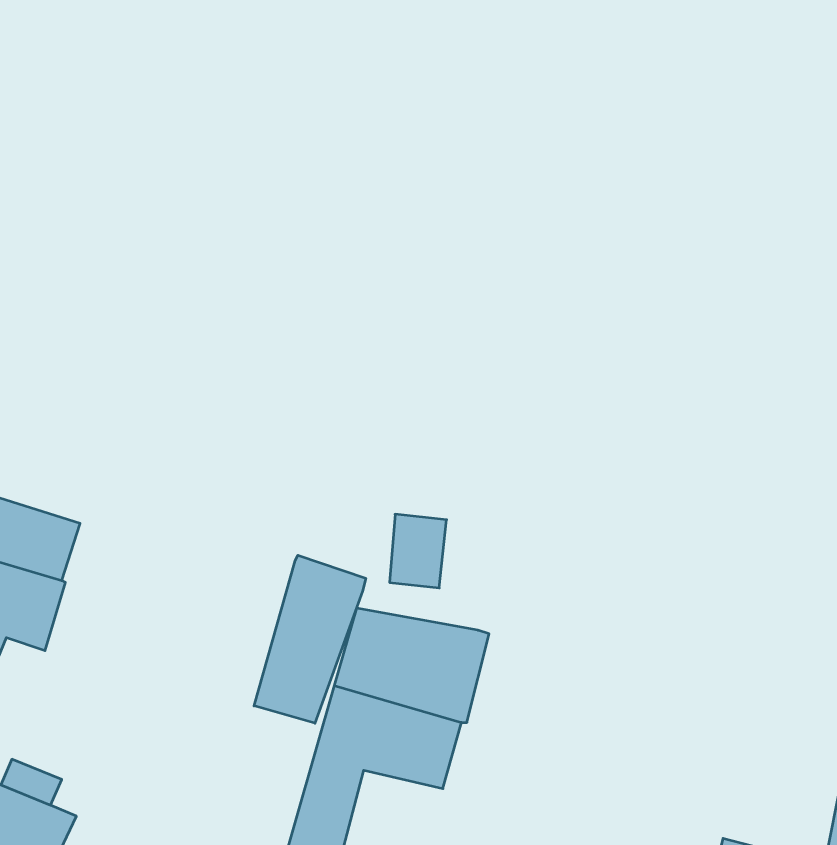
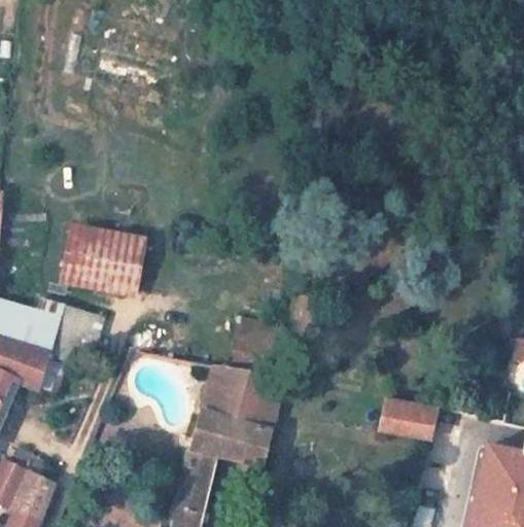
building: none -> [58,236,142,291]
building: [254,555,366,723] -> none
building: none -> [379,400,435,441]

